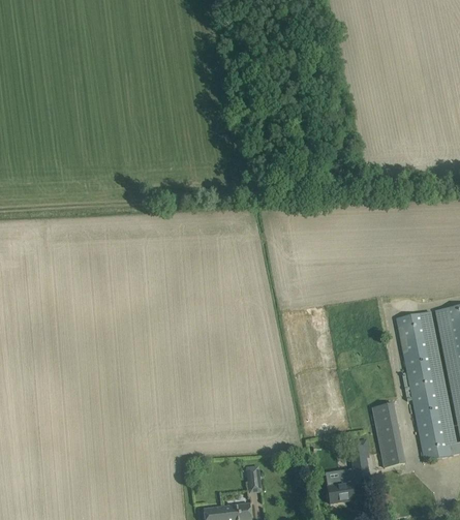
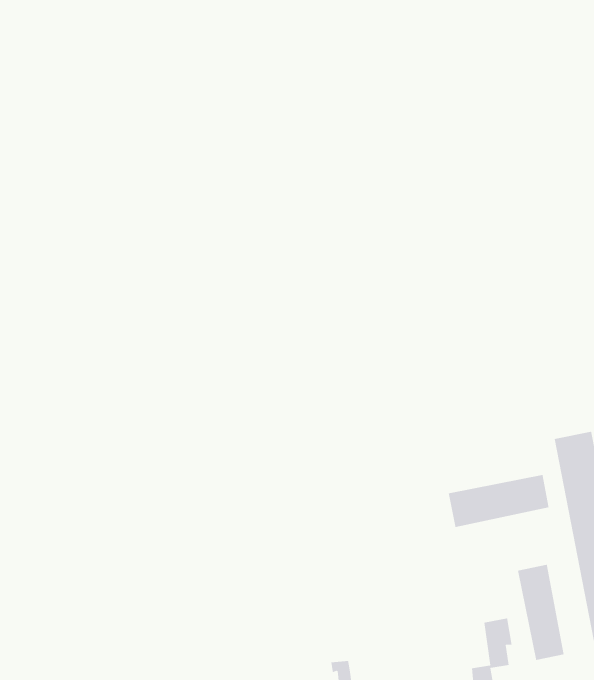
building: none -> [448,474,549,528]

